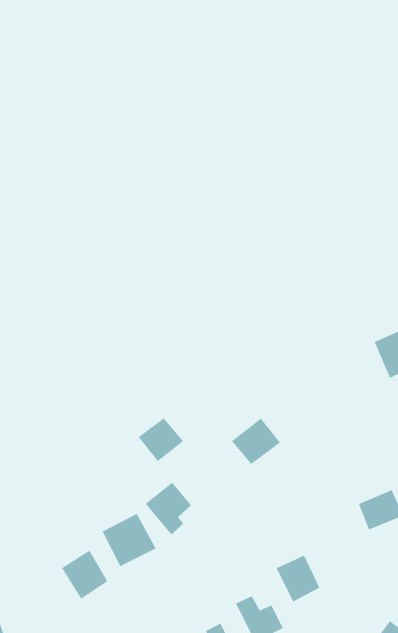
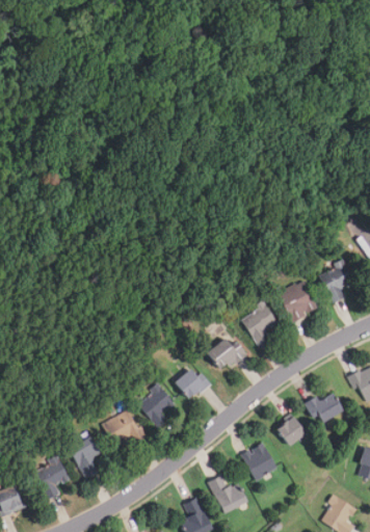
building: none -> [279,281,318,321]
building: none -> [241,302,276,345]
building: [138,417,184,462] -> [174,365,210,400]
building: none -> [276,416,306,445]
building: none -> [33,457,70,499]

